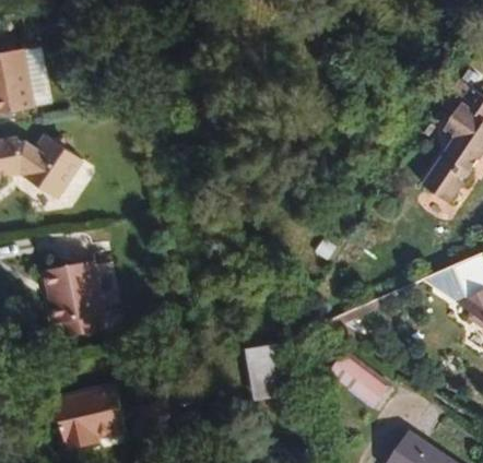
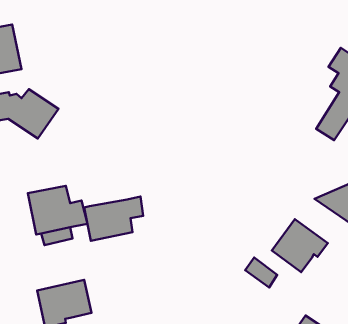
building: none -> [84,197,143,241]
building: none -> [272,219,328,272]
building: [244,344,286,401] -> none

